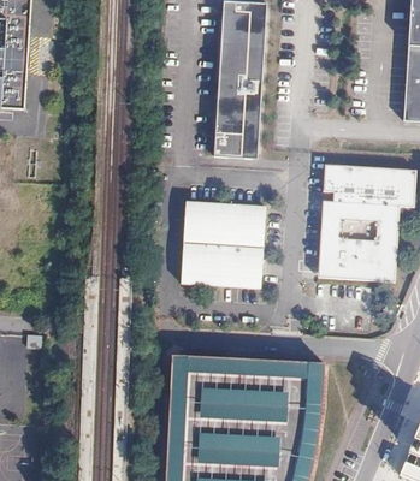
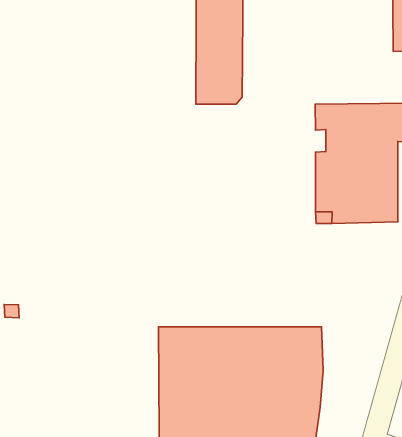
building: [181,200,266,286] -> none

